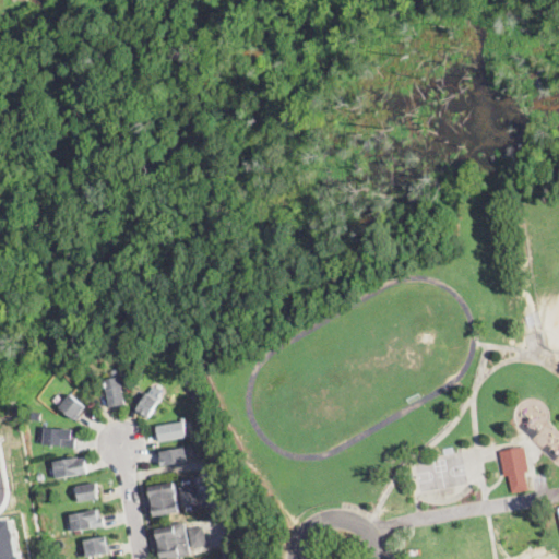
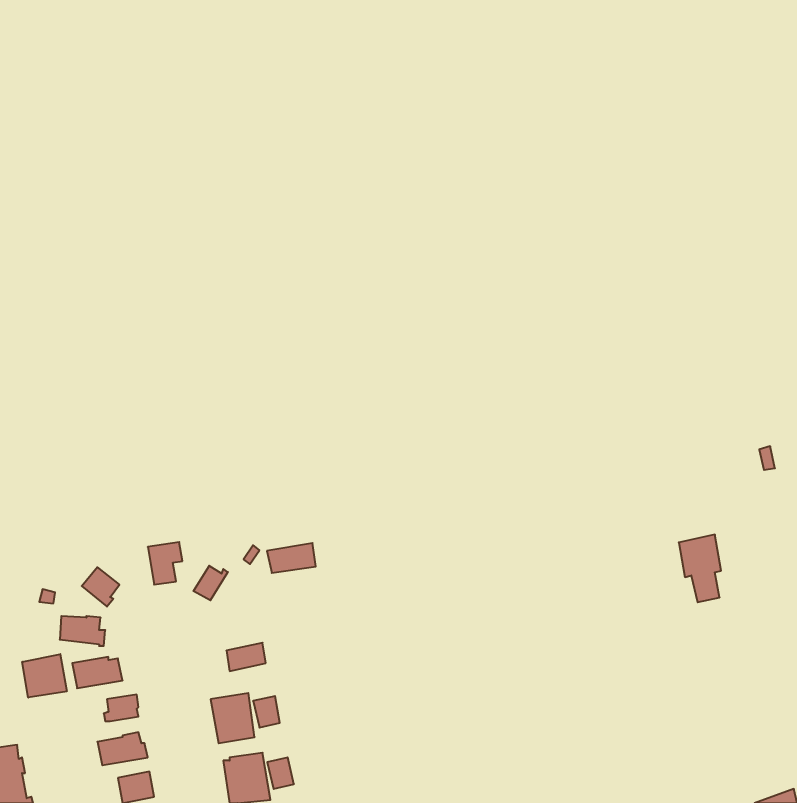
building: [151,421,185,442] -> [267,543,316,573]
building: [497,447,526,493] -> [679,535,721,602]
building: none -> [22,654,67,698]

